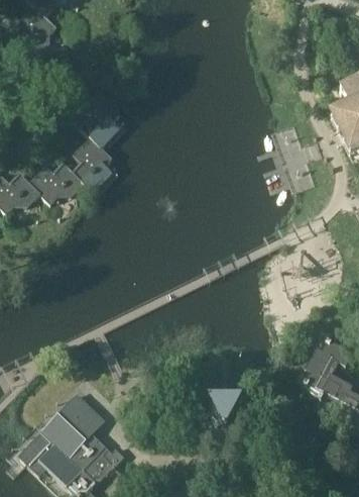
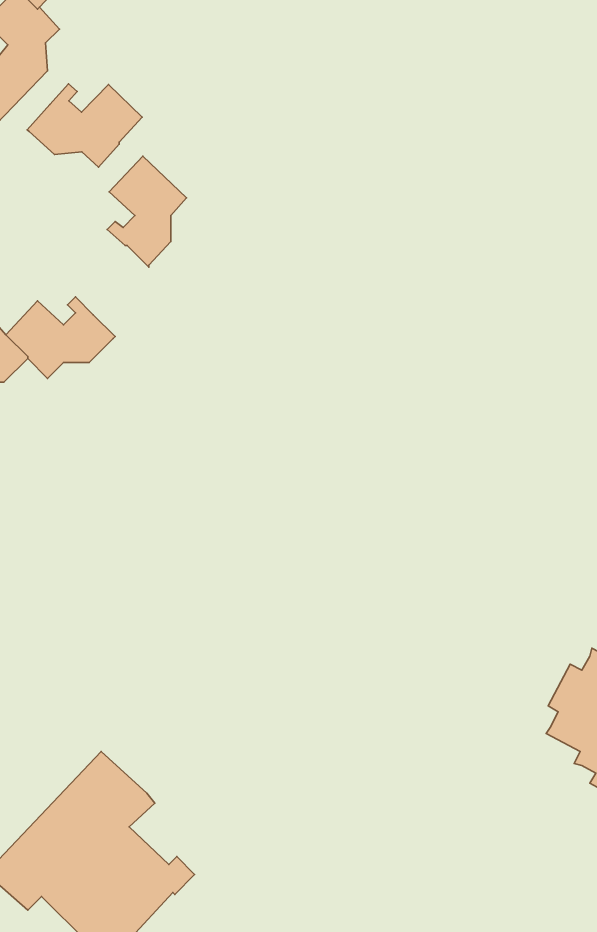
building: none -> [27,84,142,167]
building: [73,133,112,189] -> none
building: [207,392,242,423] -> none

